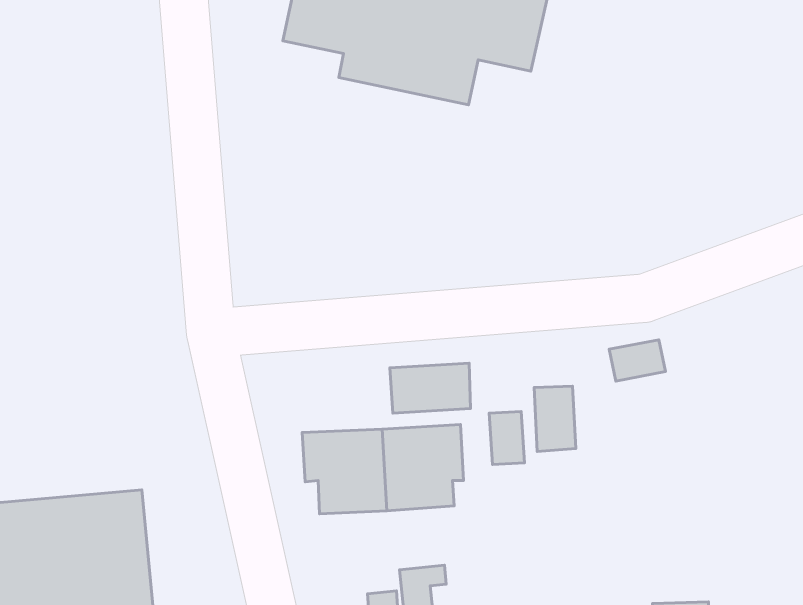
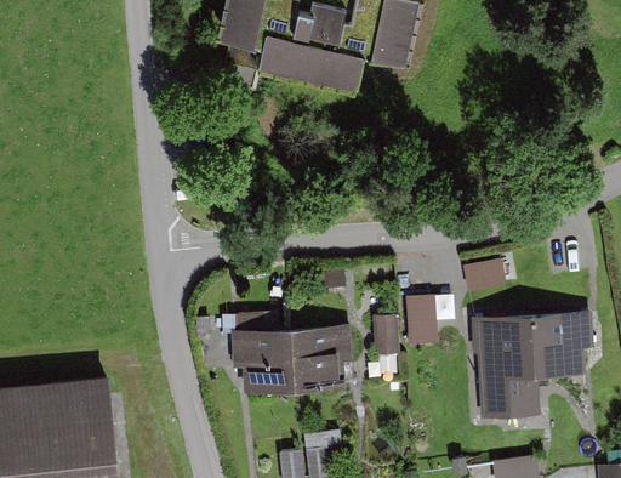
building: [390,363,470,413] -> none
building: none -> [472,312,594,420]

